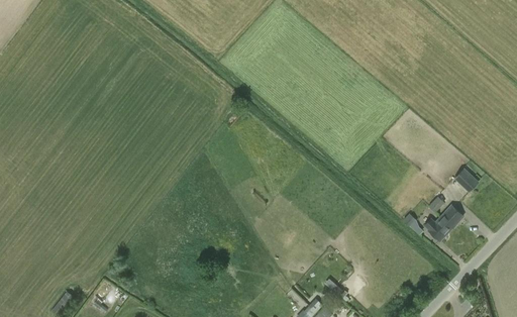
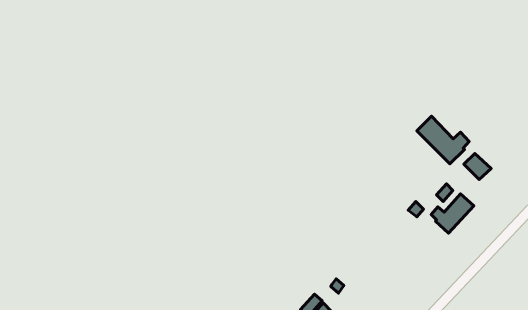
building: none -> [417,116,469,164]

